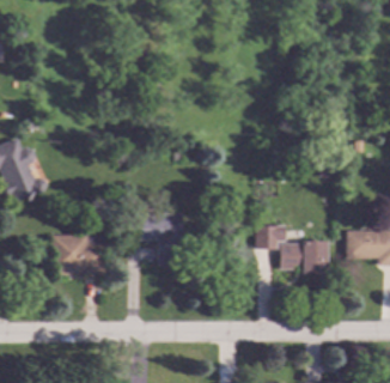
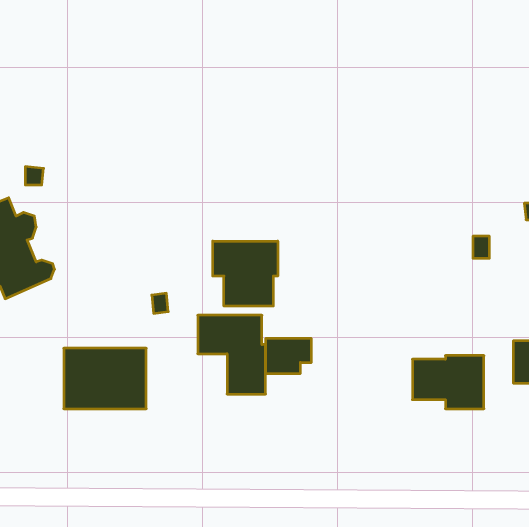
building: none -> [213,241,278,306]
building: [255,225,285,248] -> [266,339,311,373]

